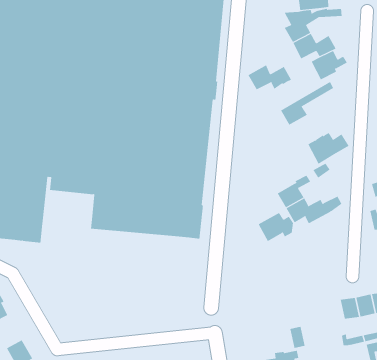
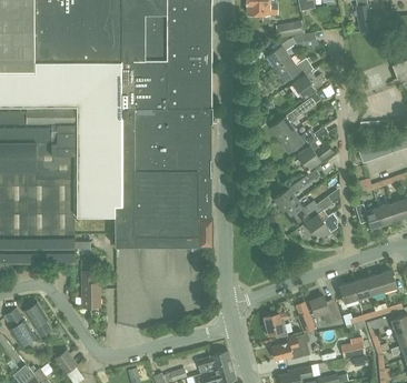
building: [247,64,292,90] -> [278,129,317,152]
building: [258,212,294,242] -> [305,211,336,238]
building: none -> [81,271,99,308]
building: none -> [308,296,338,324]
building: none -> [264,312,287,339]

